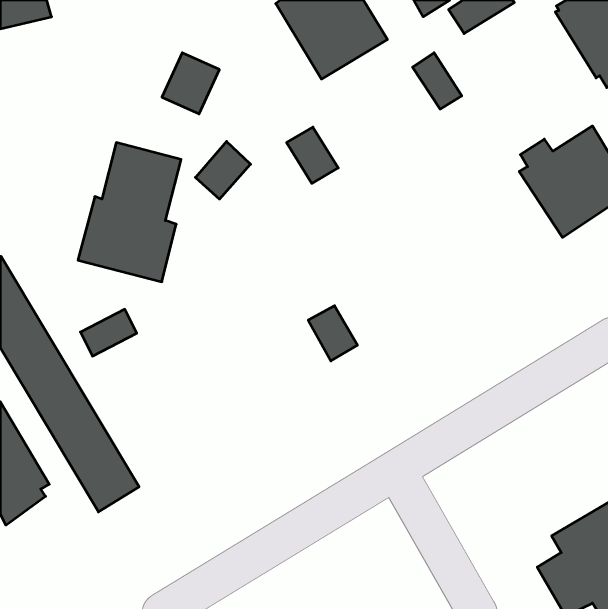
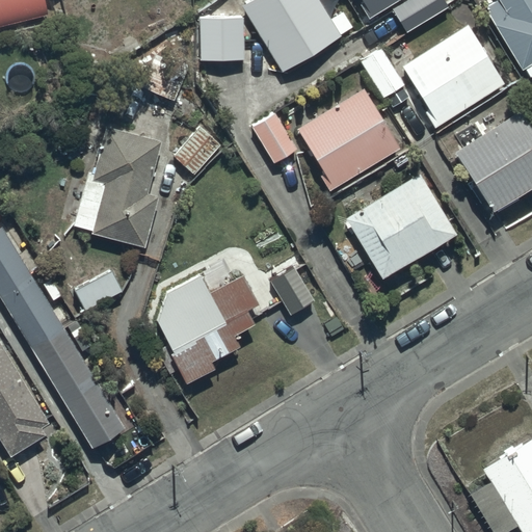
building: none -> [202,19,243,60]
building: none -> [403,19,516,128]
building: none -> [298,90,398,189]
building: none -> [345,175,454,277]
building: none -> [156,275,258,383]

